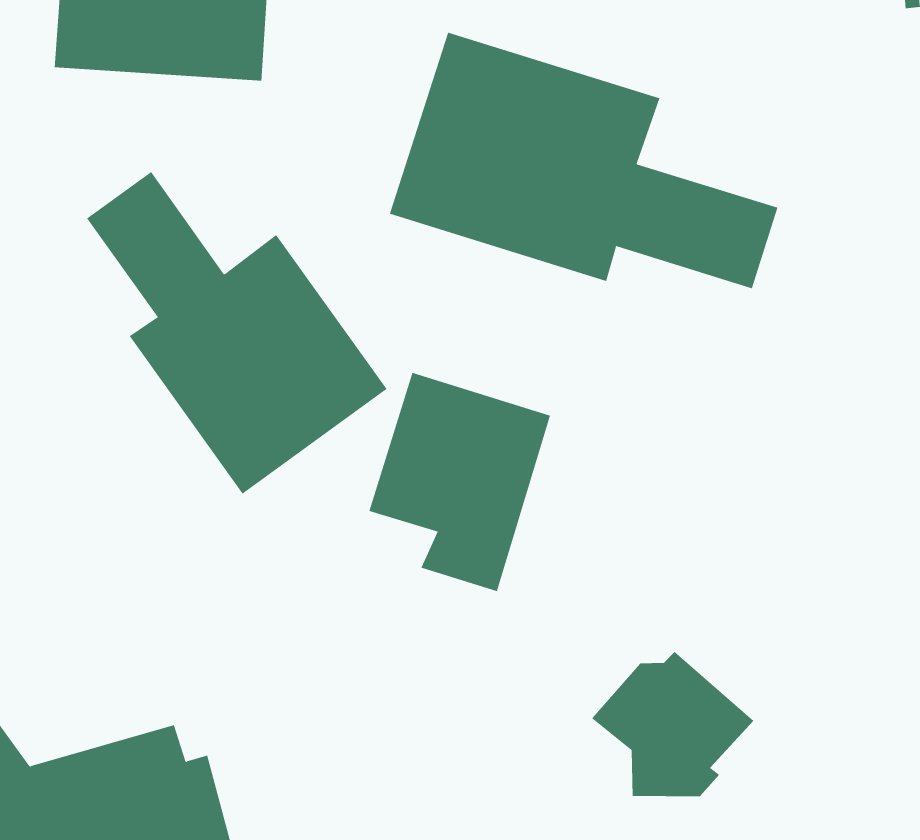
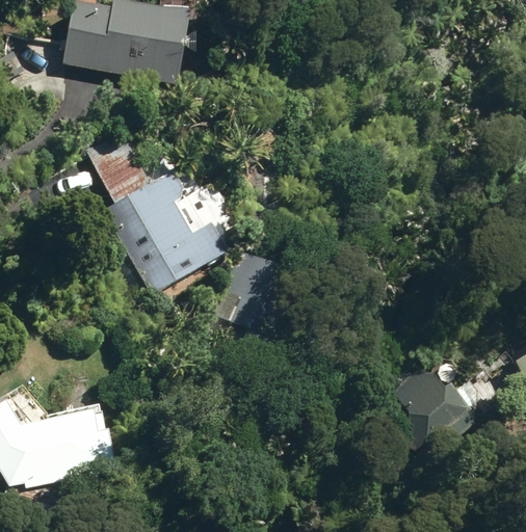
building: [389,32,778,289] -> none
building: [591,651,754,797] -> [387,365,471,442]

